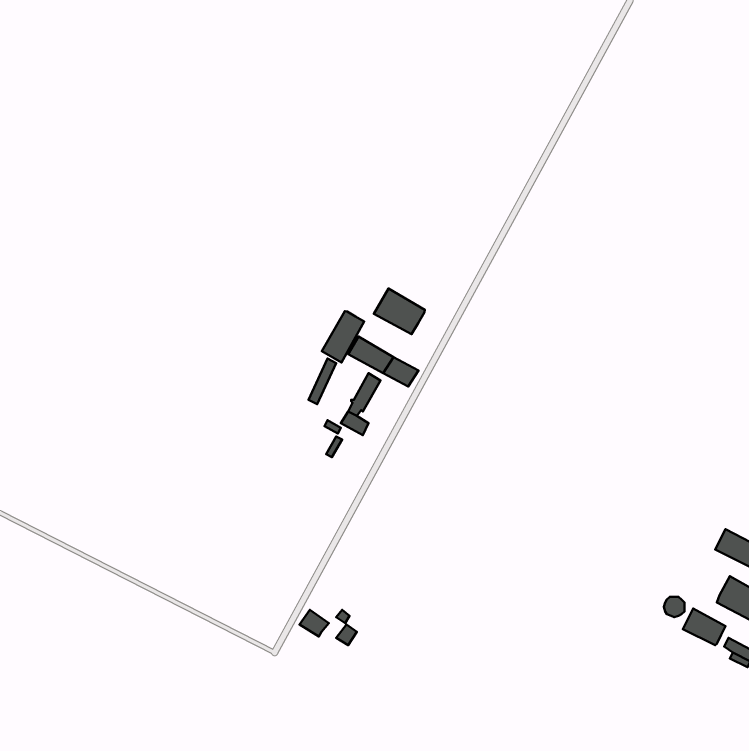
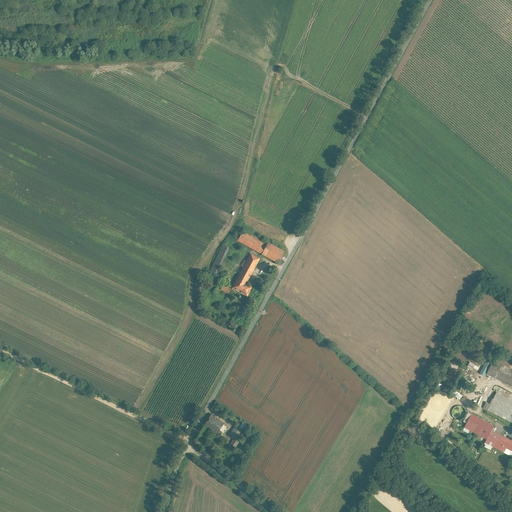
building: [374,288,425,334] -> none
building: [322,311,364,363] -> none

